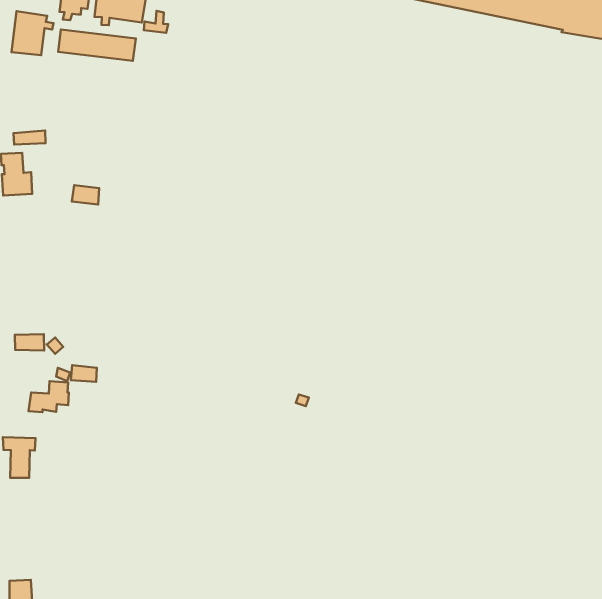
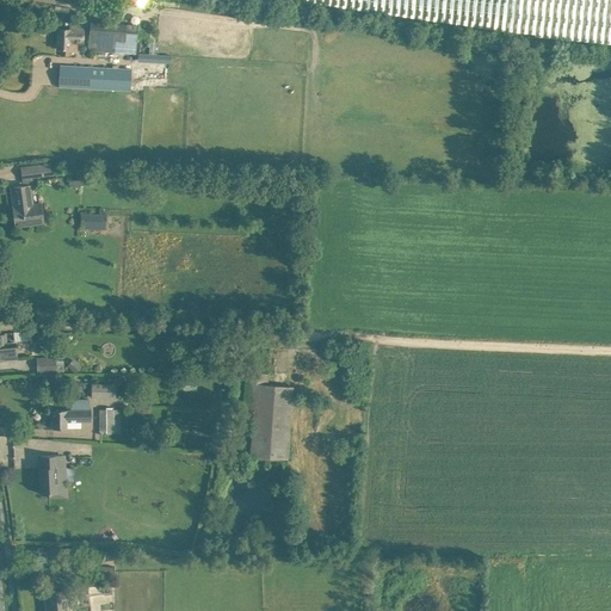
building: [12,11,53,55] -> none
building: none -> [242,371,292,458]
building: none -> [99,408,122,432]

